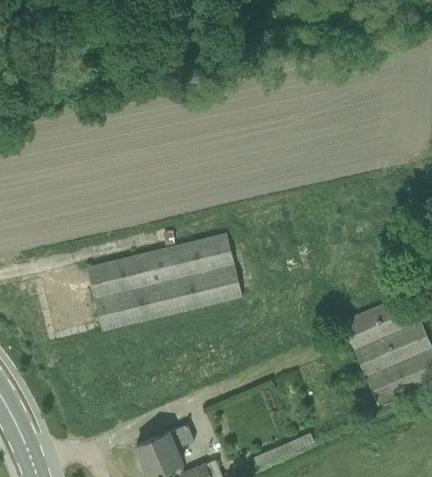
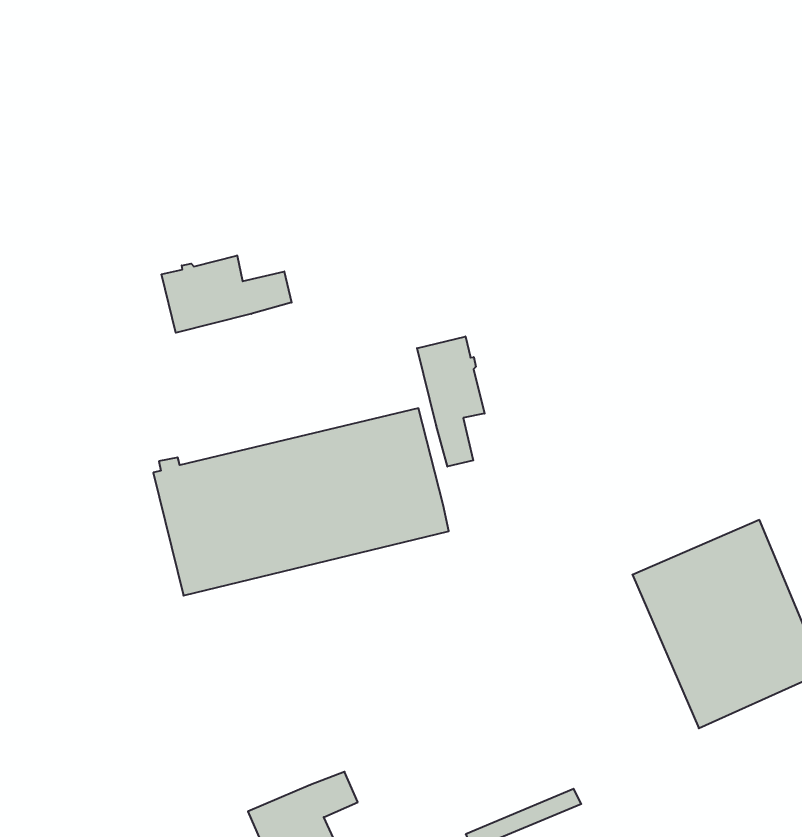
building: none -> [162,255,292,333]
building: none -> [417,336,485,467]

